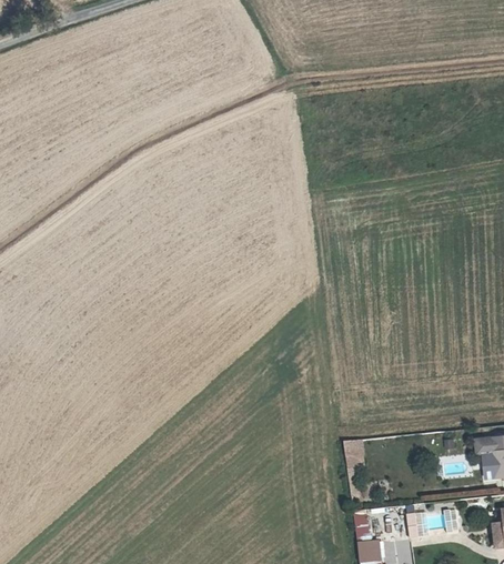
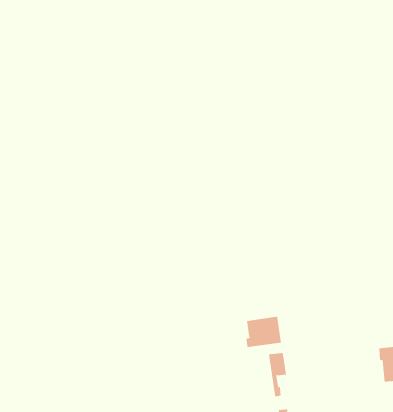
building: none -> [246,316,282,348]

